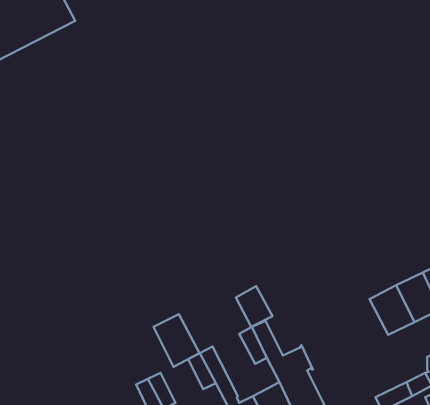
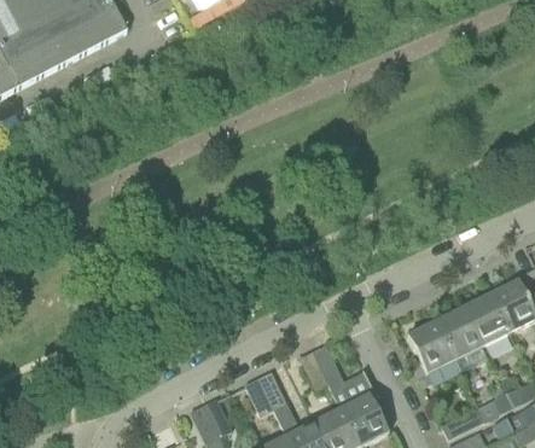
building: [236,286,272,327] -> none
building: none -> [407,321,454,386]
building: [154,314,200,367] -> none

